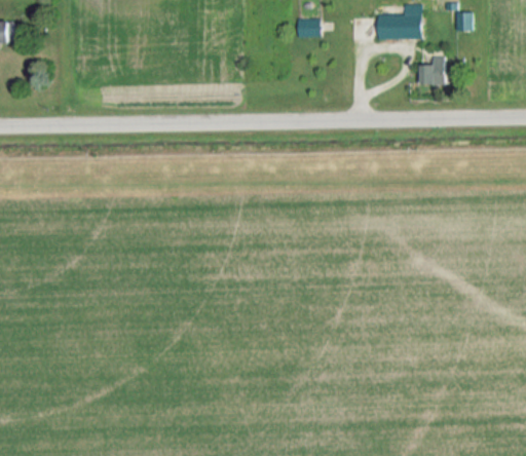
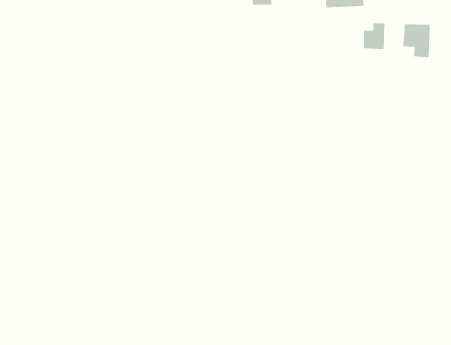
building: none -> [403,23,430,58]

